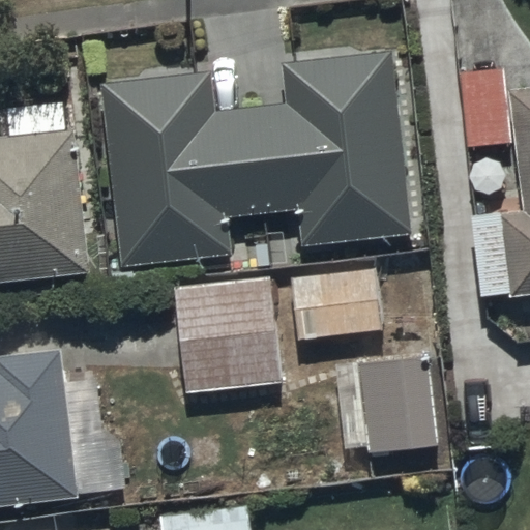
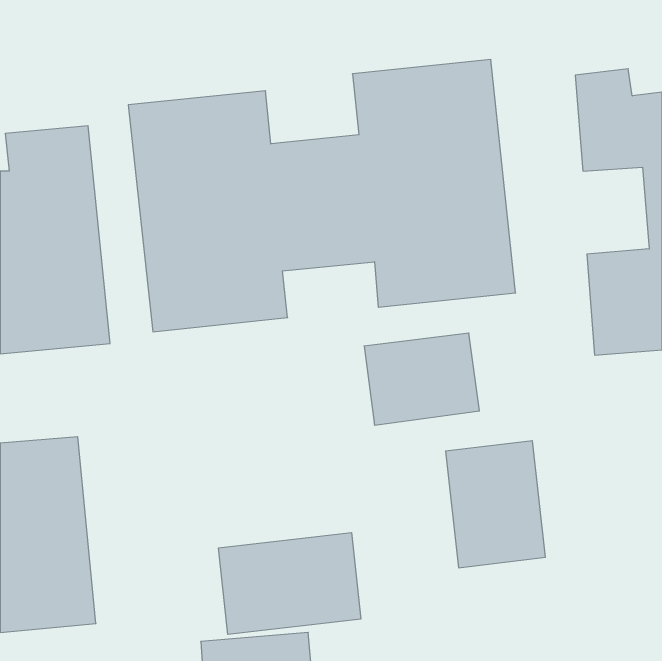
building: [172,276,282,395] -> none
building: none -> [219,533,361,634]

